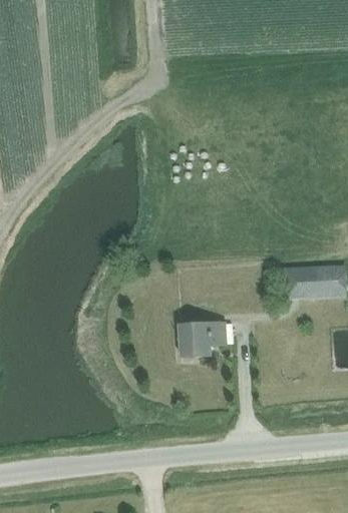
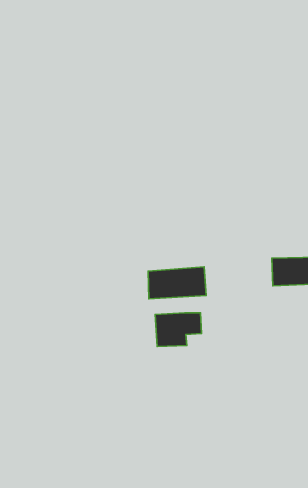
building: none -> [148,267,206,299]

